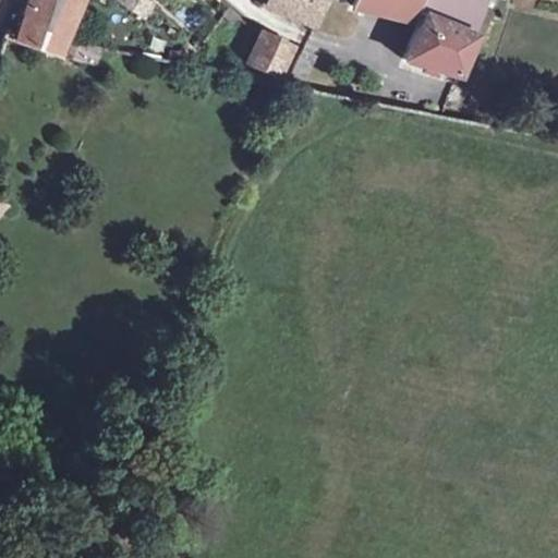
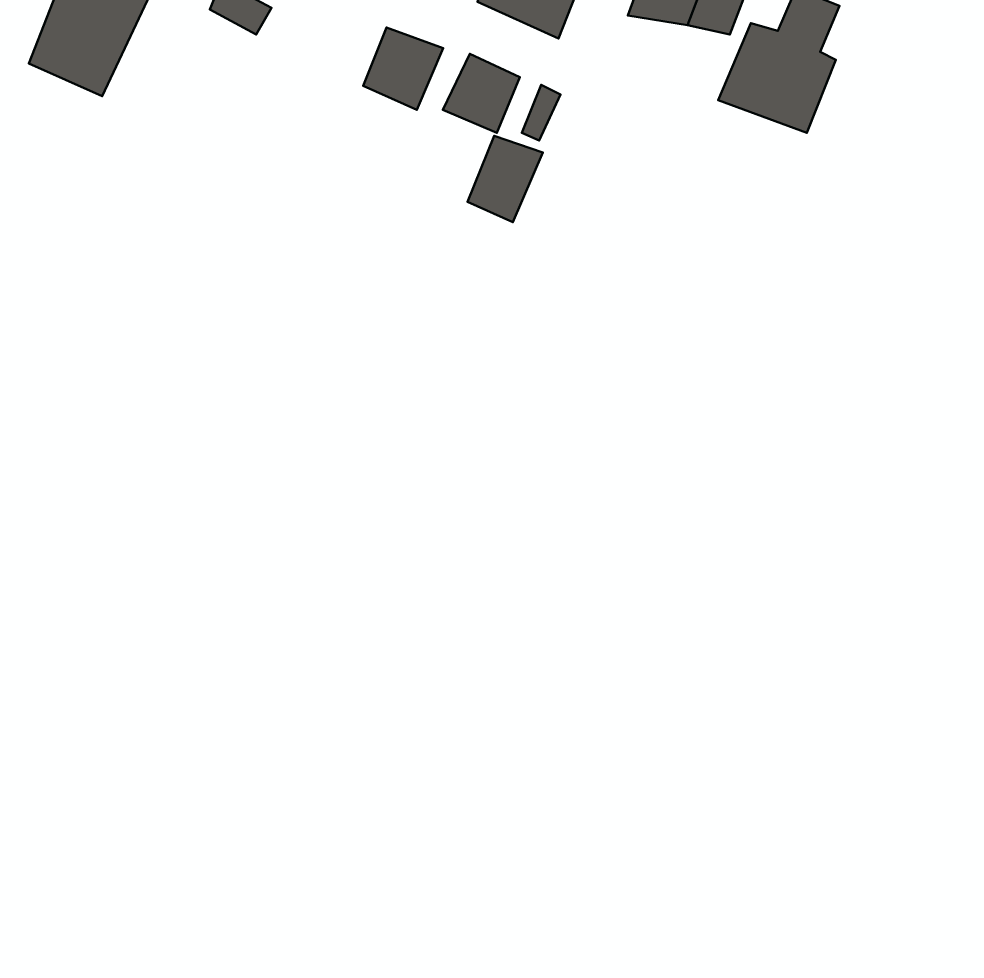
building: none -> [363,28,443,110]
building: none -> [467,136,543,222]

